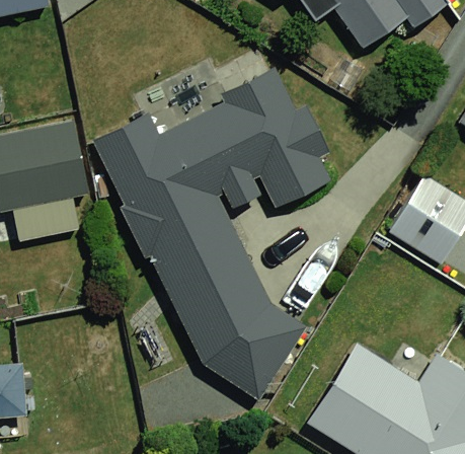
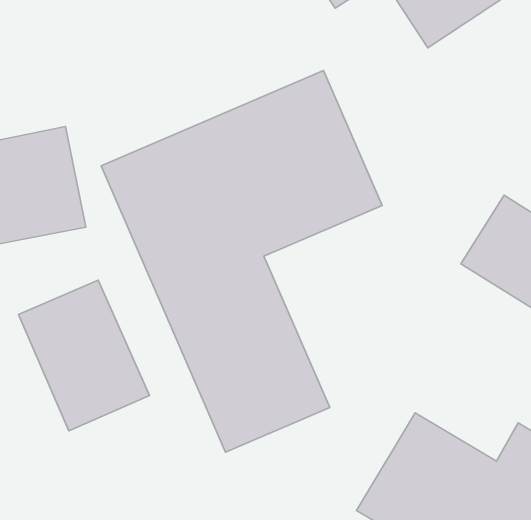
building: none -> [18,280,150,431]

